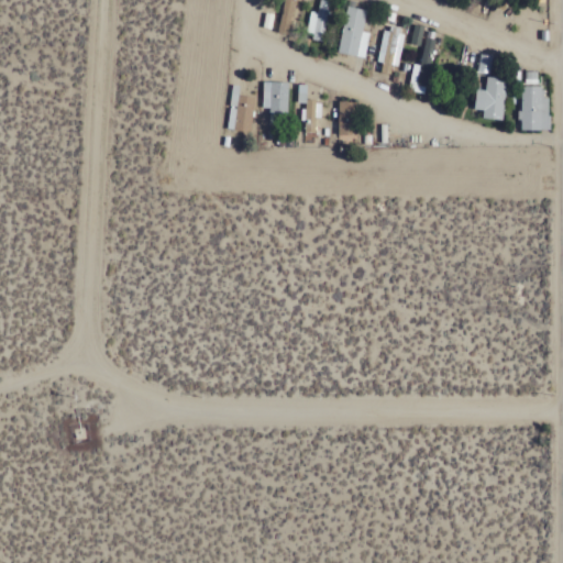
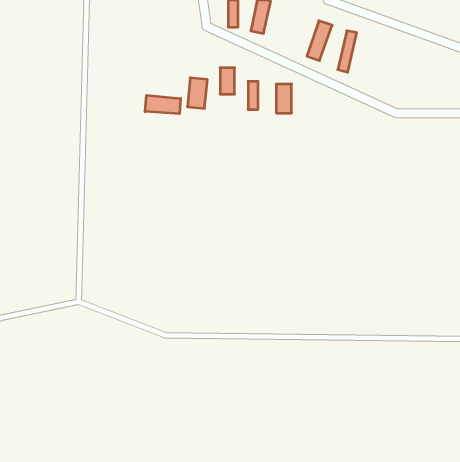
building: [339,7,367,56] -> none
building: [475,77,506,120] -> none
building: [521,86,549,130] -> none
building: none -> [145,95,181,114]

